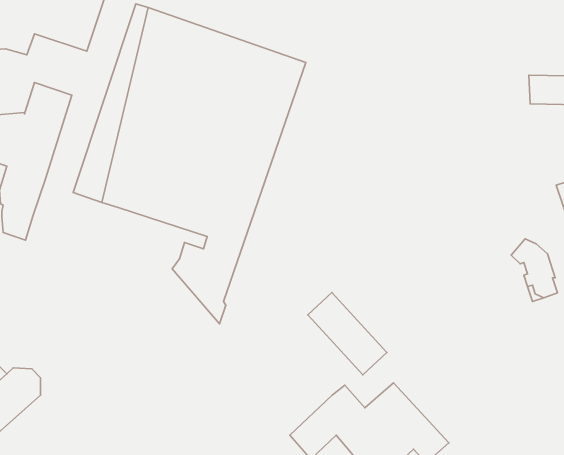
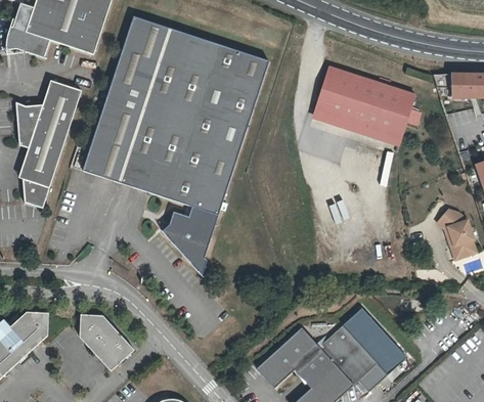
building: none -> [315,68,415,140]
building: [308,292,387,375] -> [342,307,406,374]
building: none -> [84,315,138,371]

